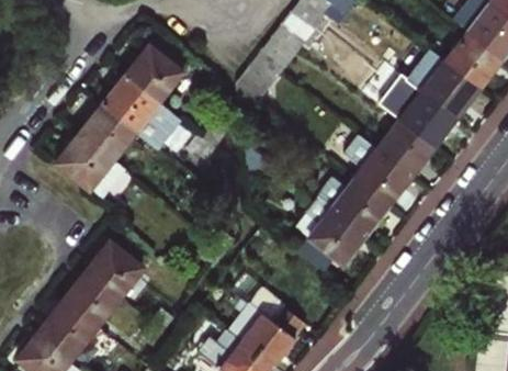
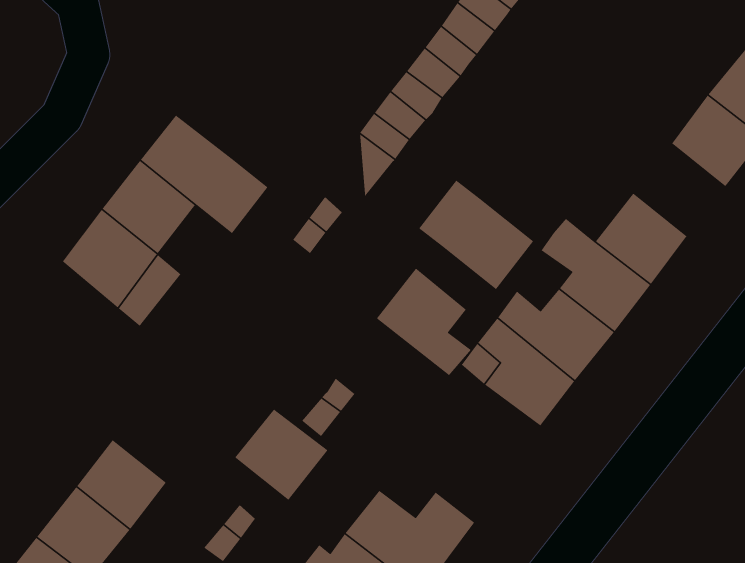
building: [124,45,181,101] -> none
building: [386,81,456,148] -> [418,180,534,290]
building: none -> [376,267,472,376]
building: [86,241,143,297] -> [234,408,328,501]

